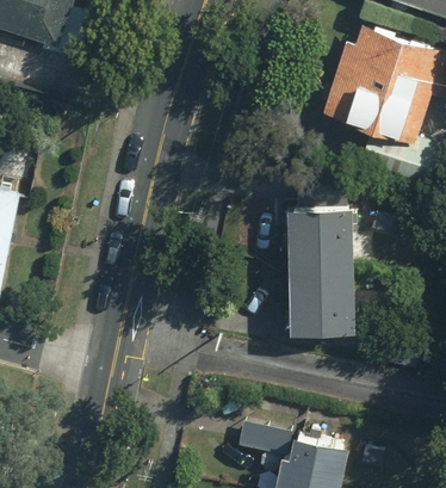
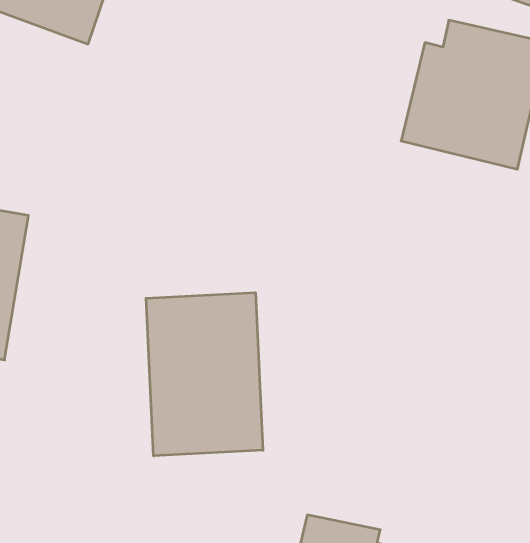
building: [281,210,352,338] -> none
building: none -> [146,293,263,456]

